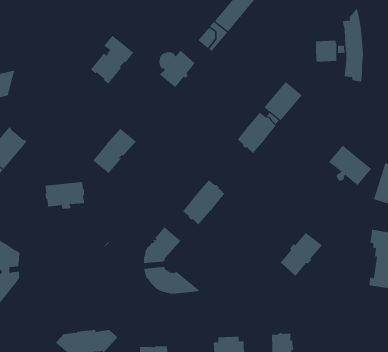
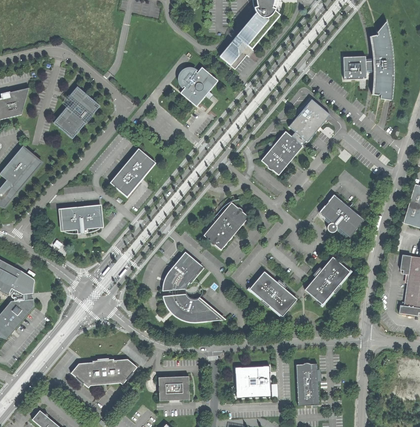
building: [90,35,134,84] -> [54,86,100,138]
building: [328,145,372,186] -> [319,194,365,237]
building: none -> [250,271,297,316]

